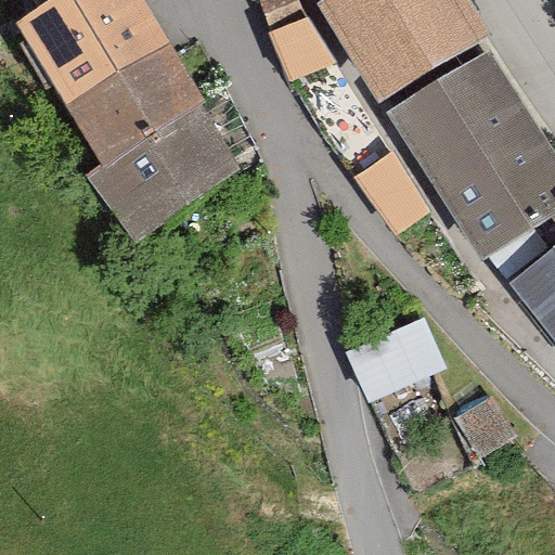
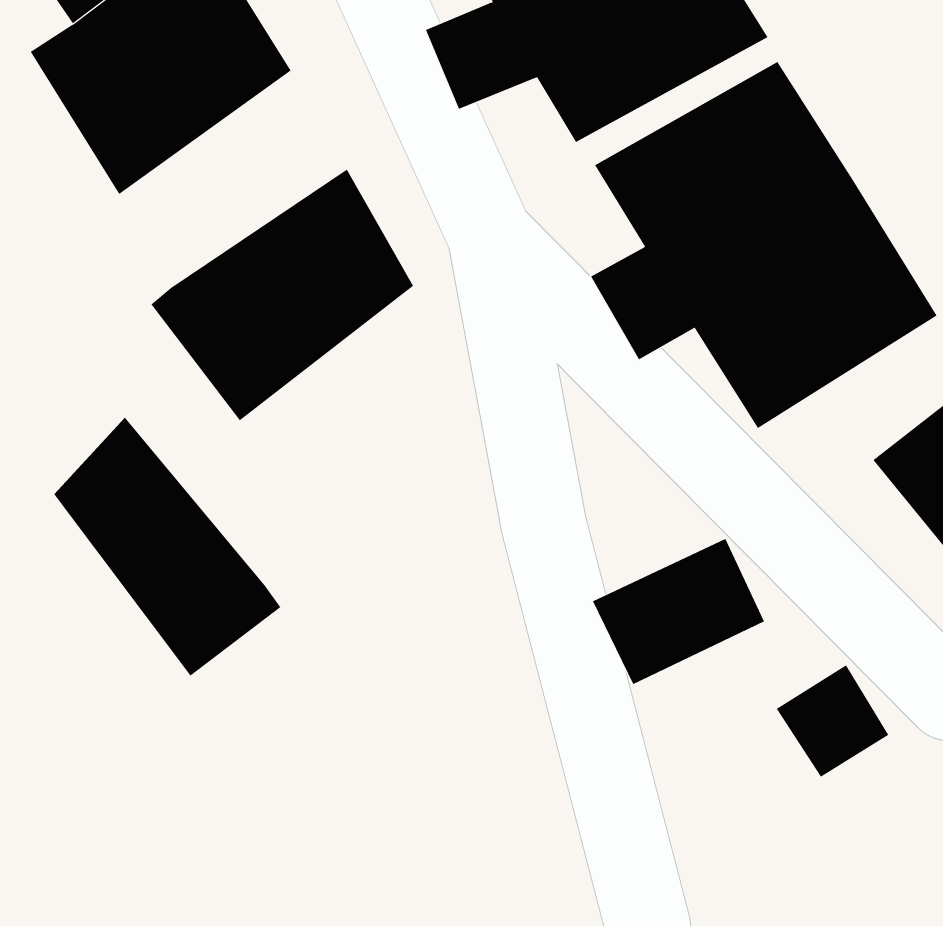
building: [73,41,206,168] -> none
building: none -> [53,417,281,677]

